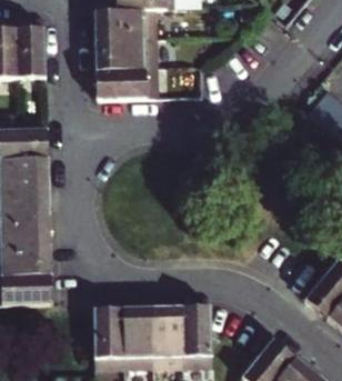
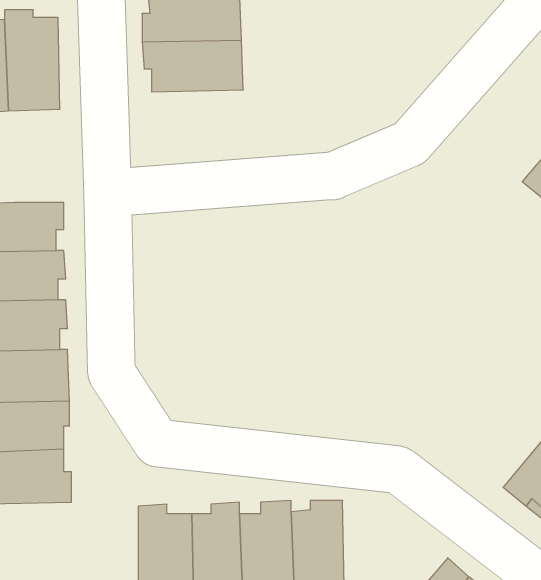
building: [97,64,155,96] -> none

